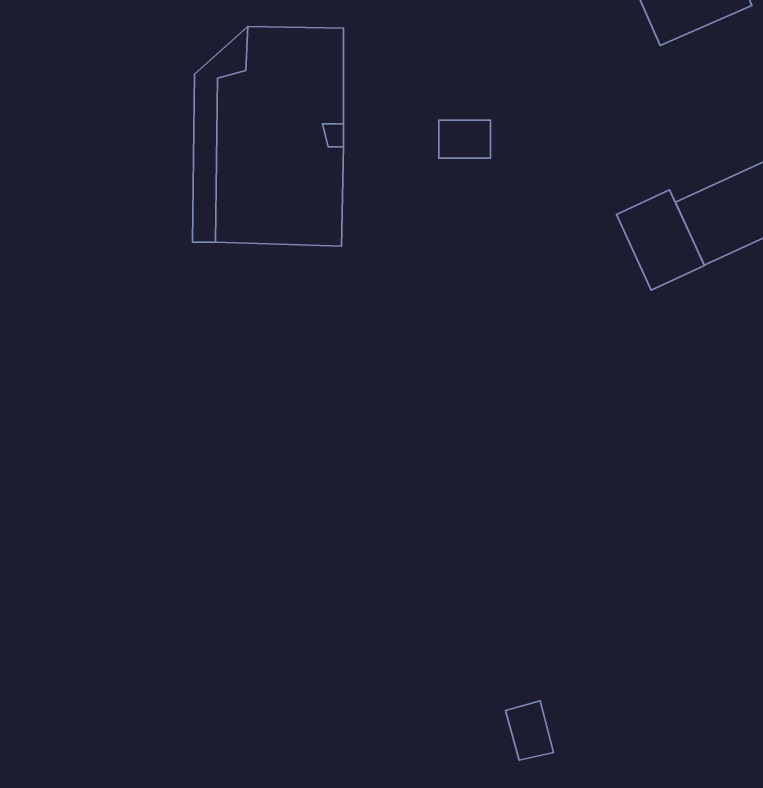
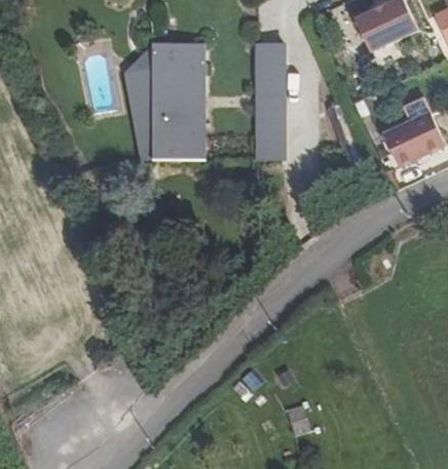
building: none -> [255,42,283,91]
building: none -> [254,112,283,161]
building: [616,190,704,290] -> none

